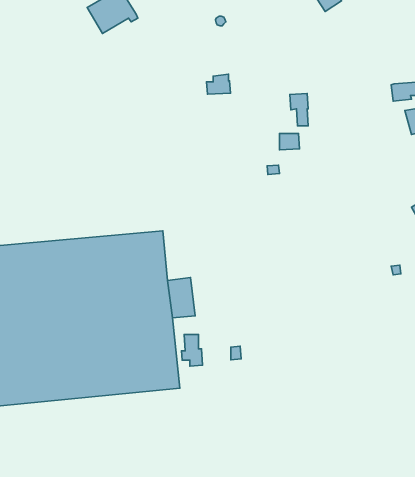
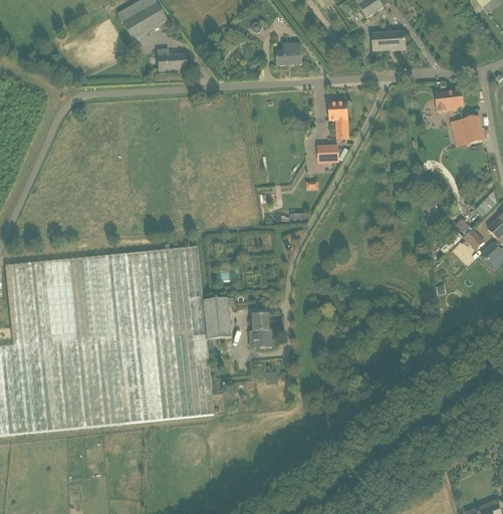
building: none -> [372,30,406,49]
building: none -> [158,47,186,69]
building: [206,74,230,94] -> [277,42,302,63]
building: [181,335,202,366] -> [249,313,271,346]

